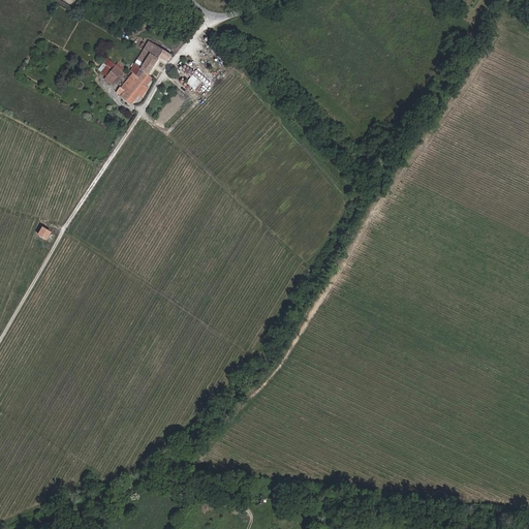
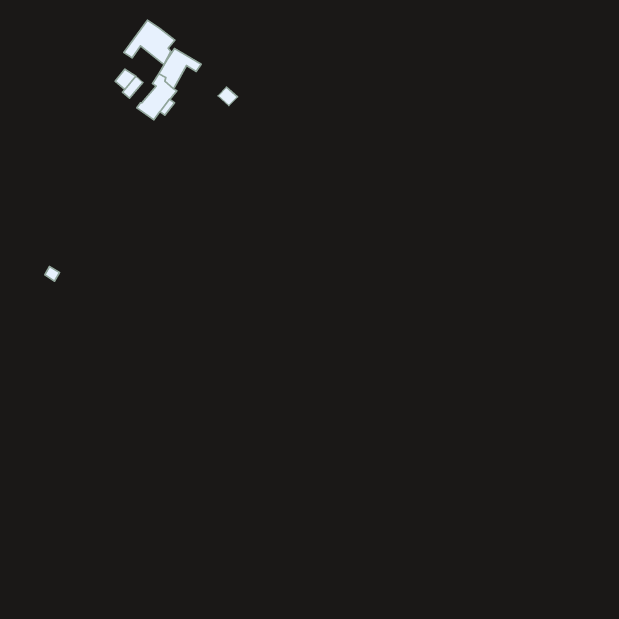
building: none -> [124,20,175,64]

